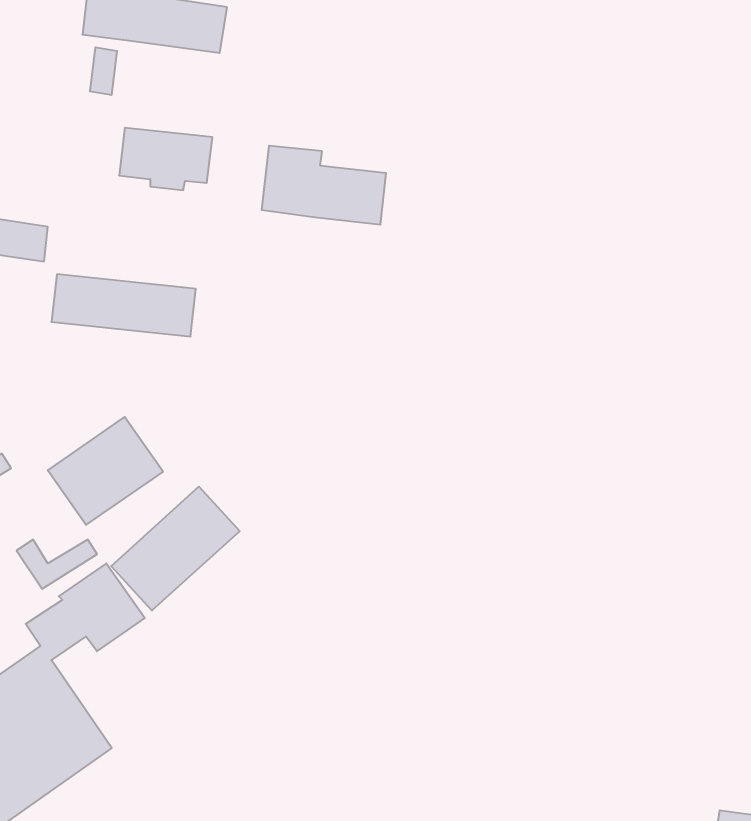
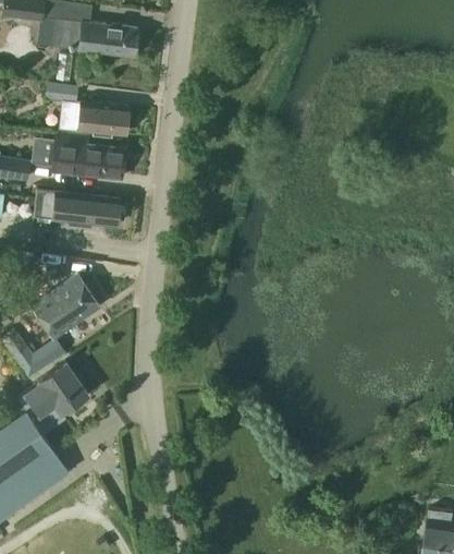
building: none -> [45,83,79,104]
building: [262,146,386,224] -> [51,133,125,180]
building: [111,487,240,611] -> none

